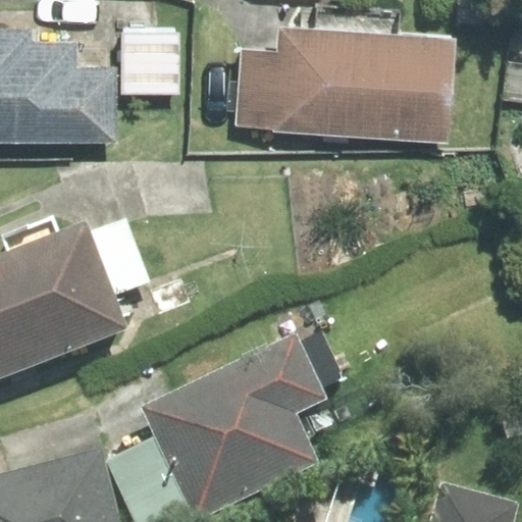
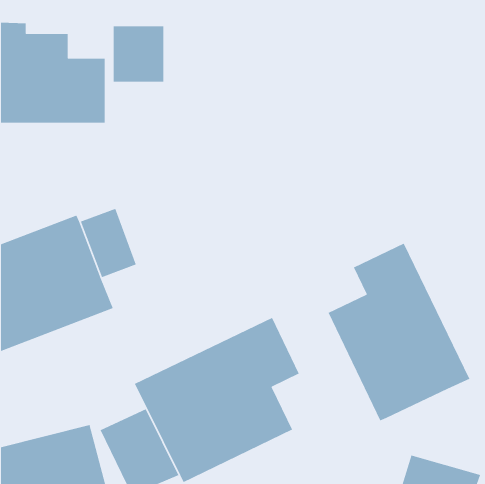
building: [233,23,452,135] -> none
building: none -> [327,242,470,422]

